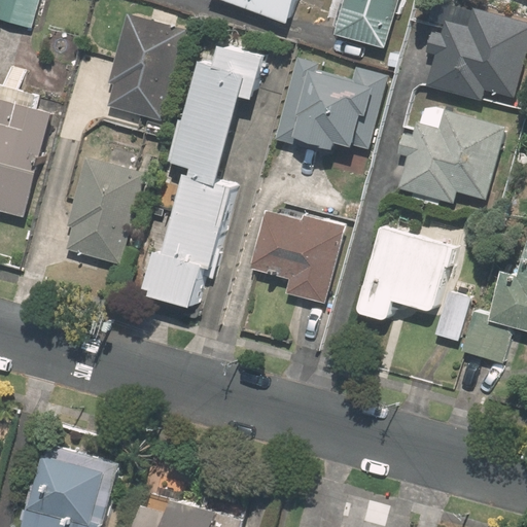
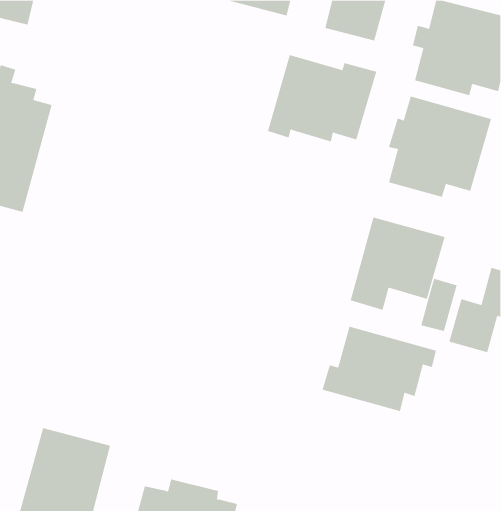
building: [103,10,182,117] -> none
building: [148,42,268,304] -> none
building: [64,155,145,266] -> none
building: [251,208,339,304] -> none
building: none -> [322,326,436,412]

